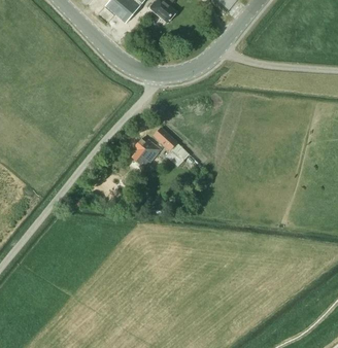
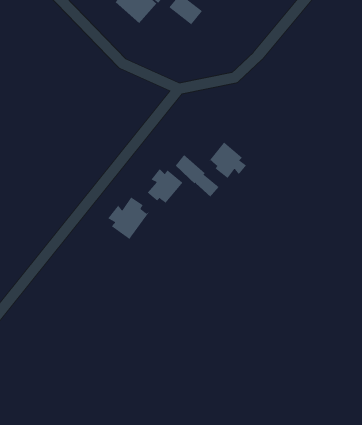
building: none -> [208,141,247,179]
building: none -> [108,197,149,241]

